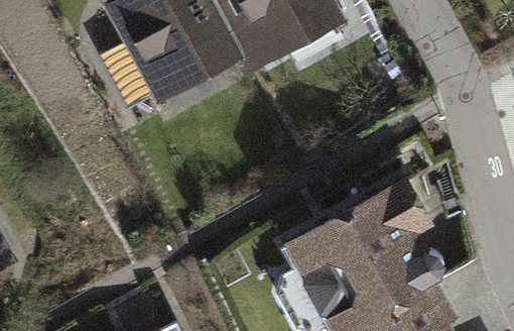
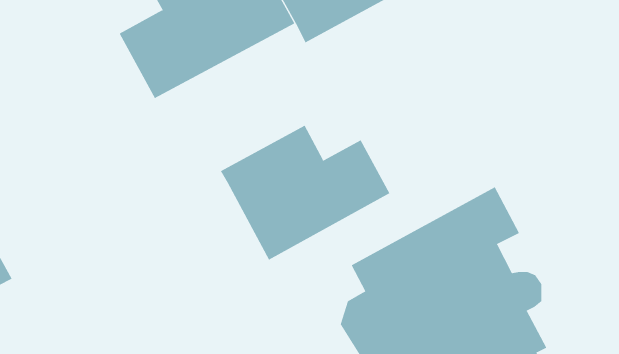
building: none -> [220,125,390,261]

